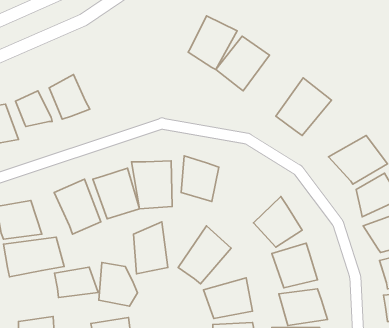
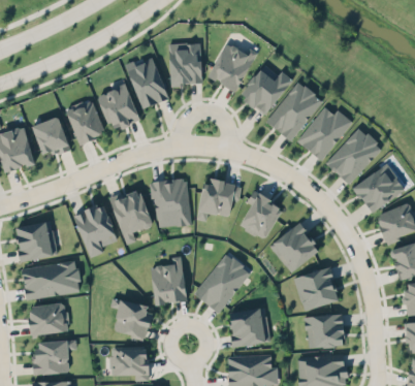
building: none -> [168,38,201,83]
building: none -> [124,53,170,111]
building: none -> [98,77,139,126]
building: none -> [266,81,323,140]
building: none -> [327,124,380,182]
building: none -> [235,190,282,244]
building: [55,267,98,298] -> [26,308,70,339]

